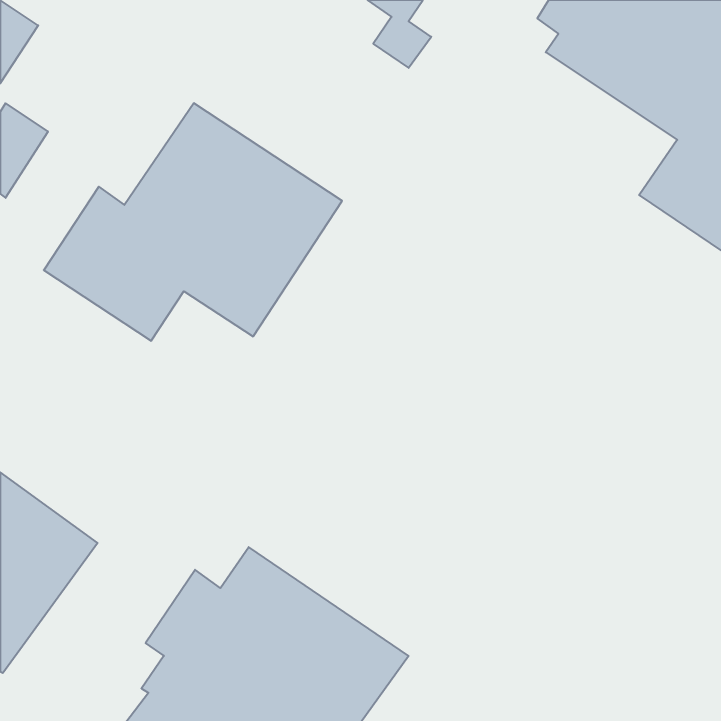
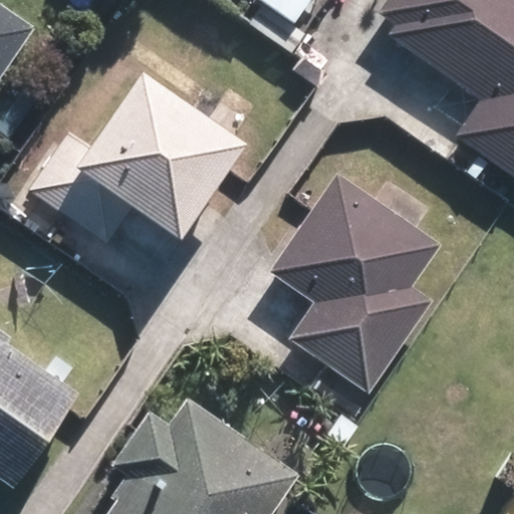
building: none -> [272,174,444,394]

